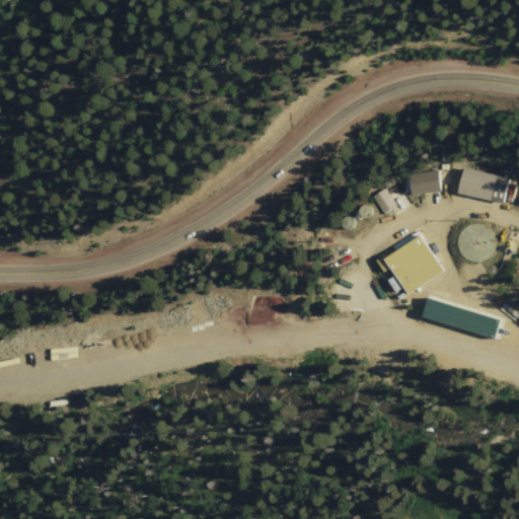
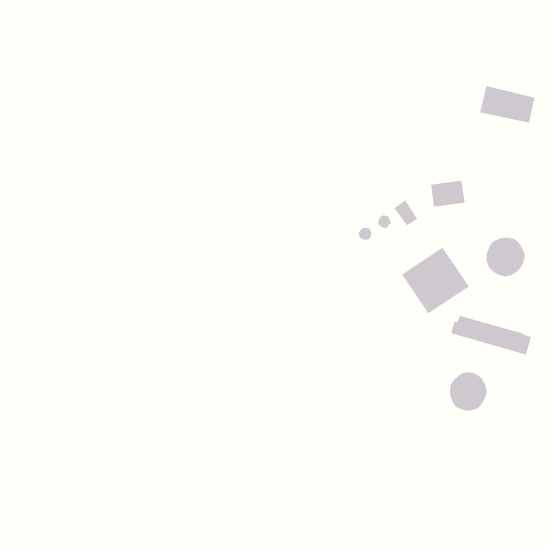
building: [455,167,508,203] -> [479,86,535,123]
building: none -> [449,371,487,411]

